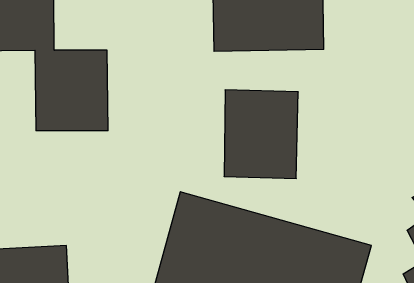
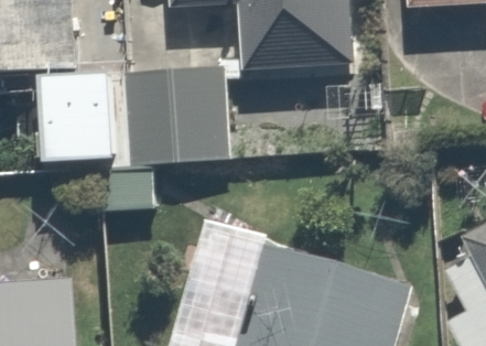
building: [224,90,298,178] -> [139,68,219,164]

